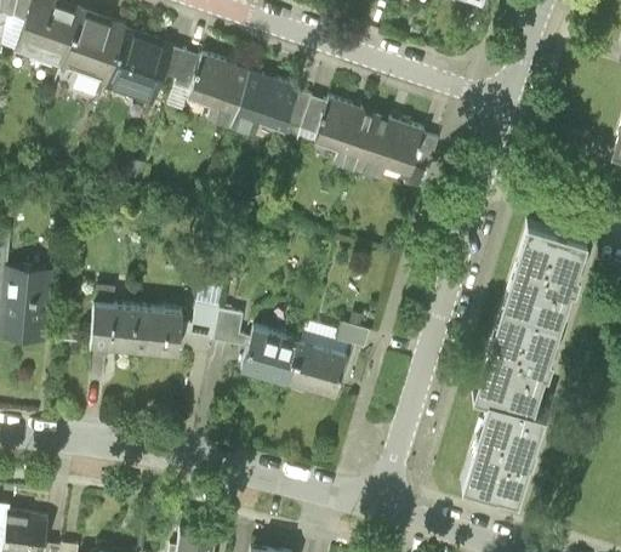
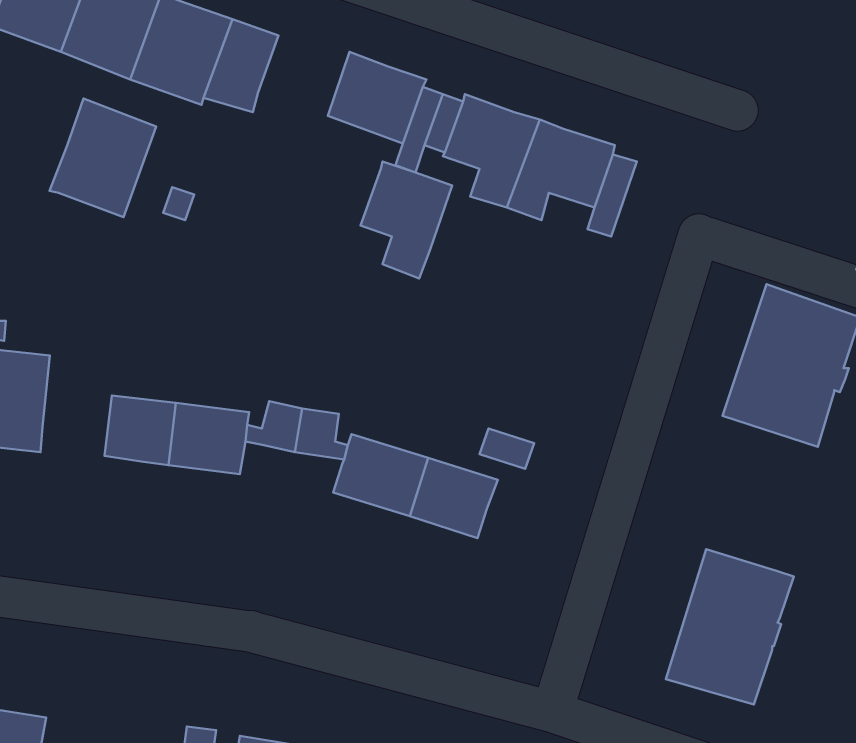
building: [192,56,252,133] -> [361,162,452,279]
building: none -> [49,99,156,217]
building: [473,313,563,416] -> none

